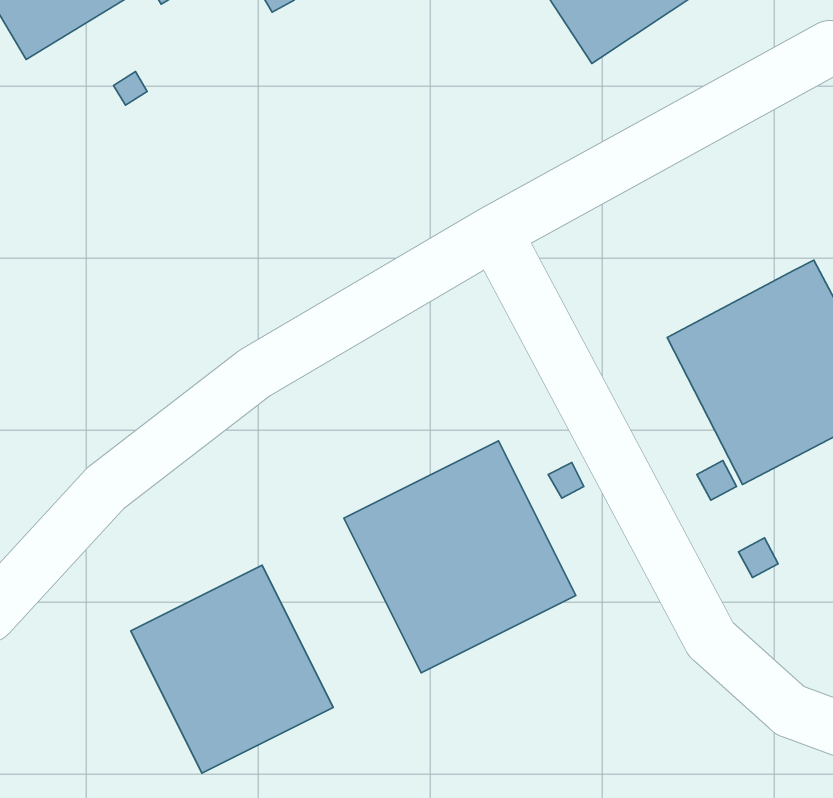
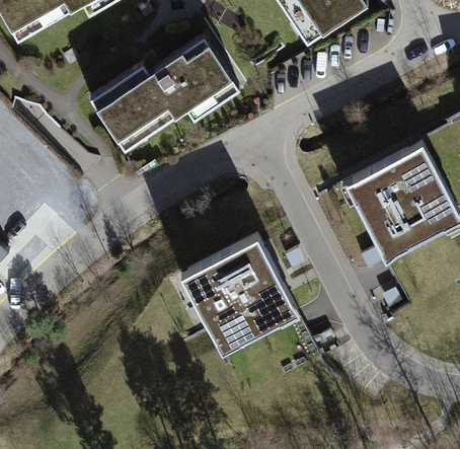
building: none -> [87,38,238,152]
building: [131,565,333,773] -> none

